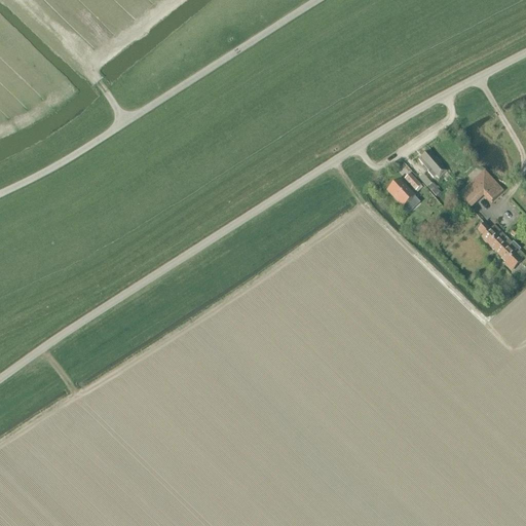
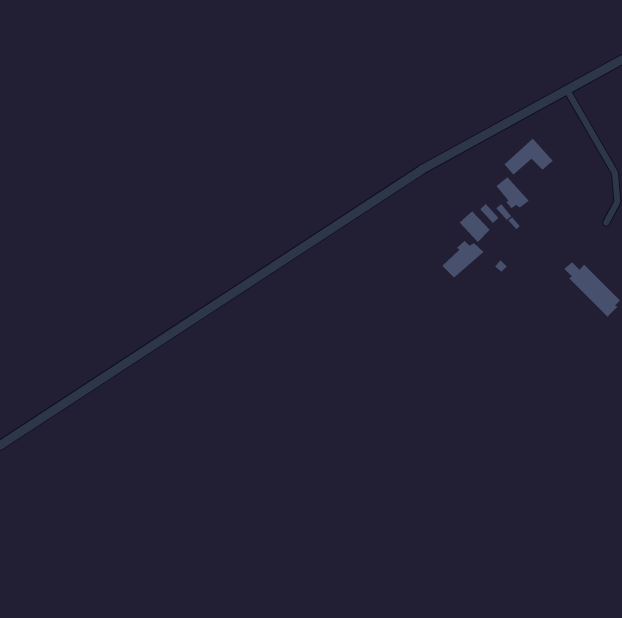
building: [459,172,501,203] -> [504,138,553,175]
building: none -> [442,240,484,279]

